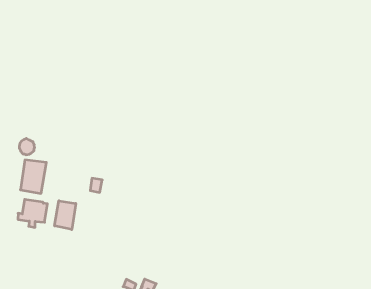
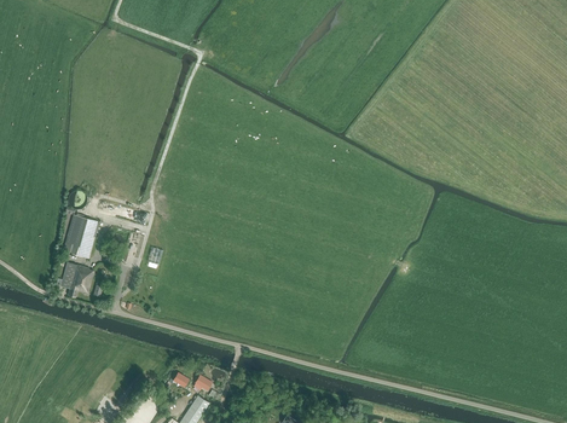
building: [55,201,76,230] -> none

